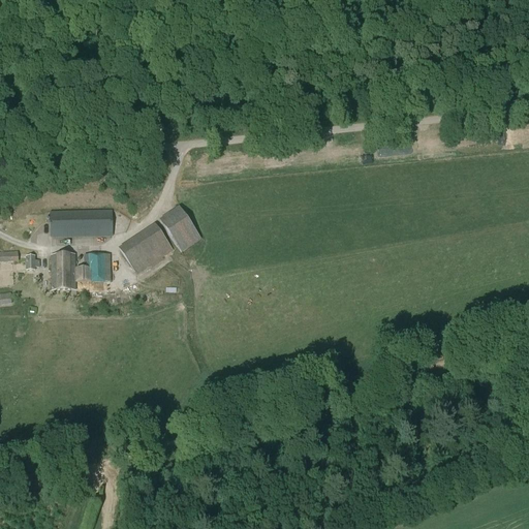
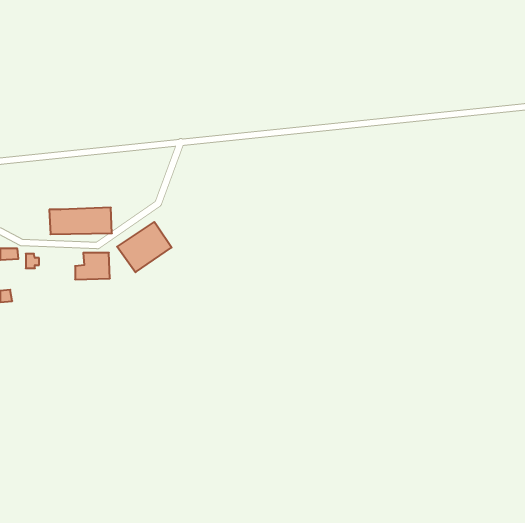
building: [159,206,201,252] -> none
building: [51,254,75,289] -> none

